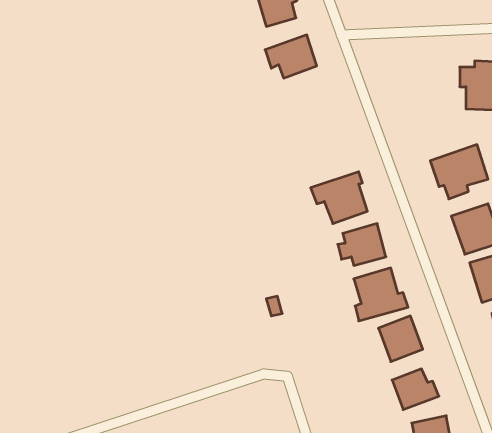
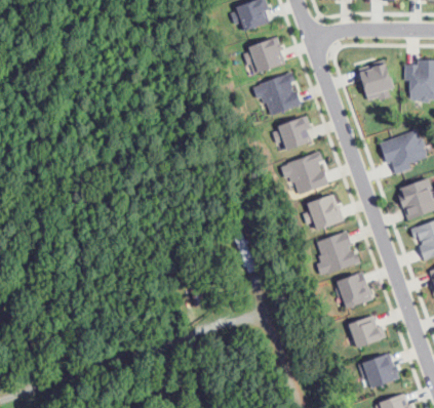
building: none -> [358,59,394,100]
building: none -> [252,73,301,115]
building: none -> [272,116,312,151]

